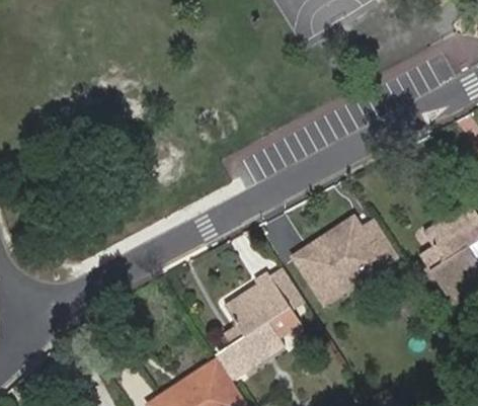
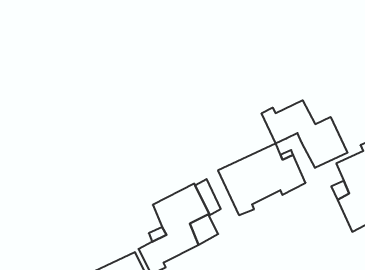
building: none -> [262,100,348,168]

